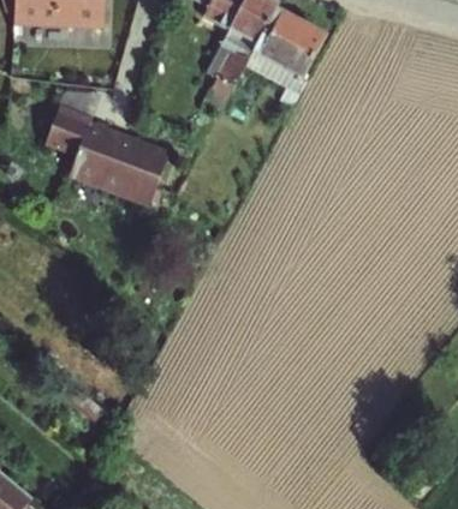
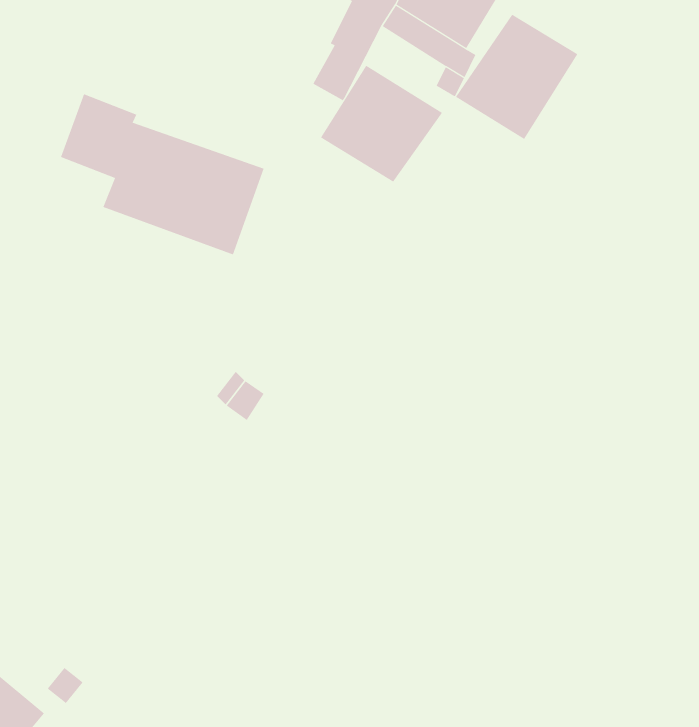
building: none -> [455,14,578,140]
building: none -> [320,65,443,183]

